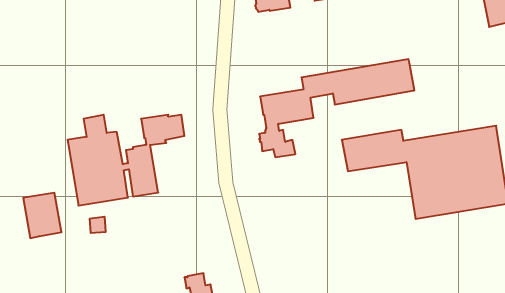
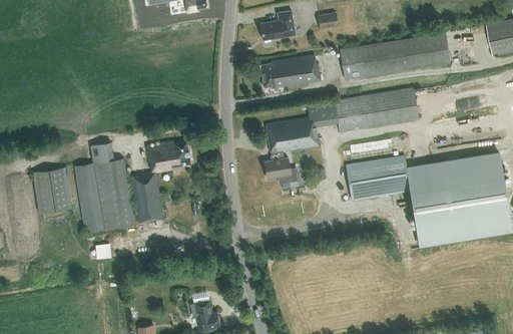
building: none -> [342,34,451,79]
building: none -> [261,56,320,88]
building: [23,193,62,238] -> [33,170,71,215]

